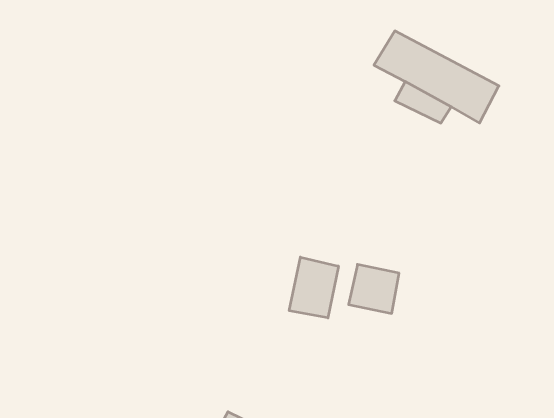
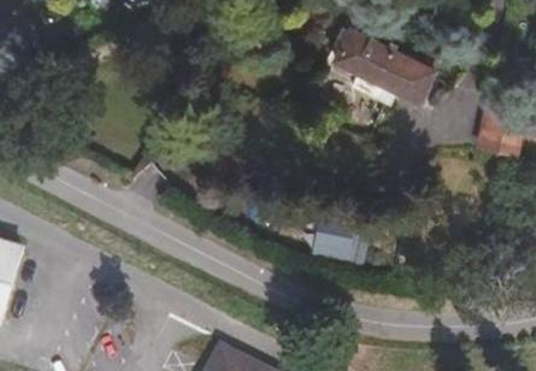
building: [289,257,338,318] -> none

